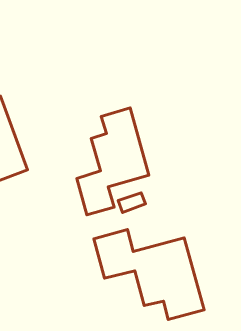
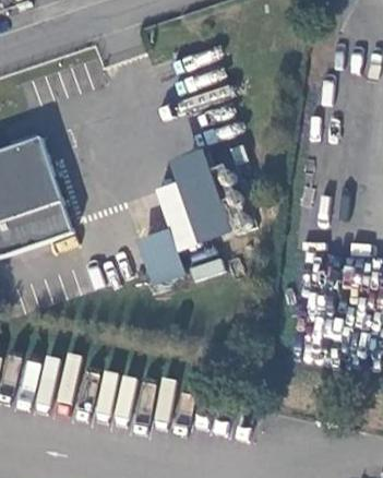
building: [94,229,204,320] -> none

